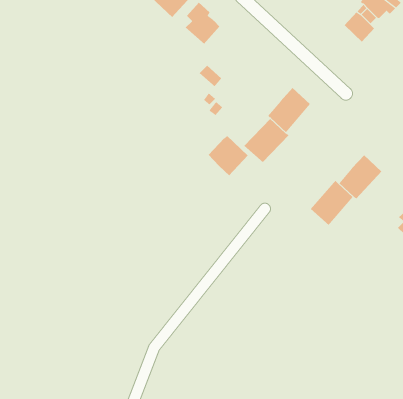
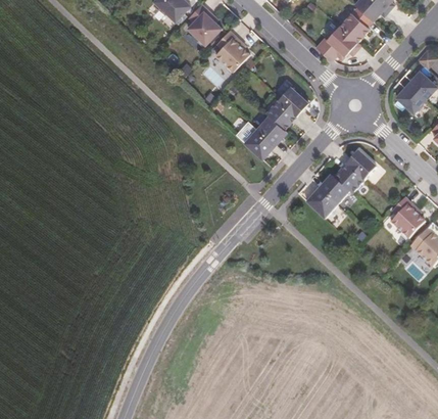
building: none -> [326,26,360,56]
building: none -> [214,31,249,72]
building: [208,135,249,176] -> none

